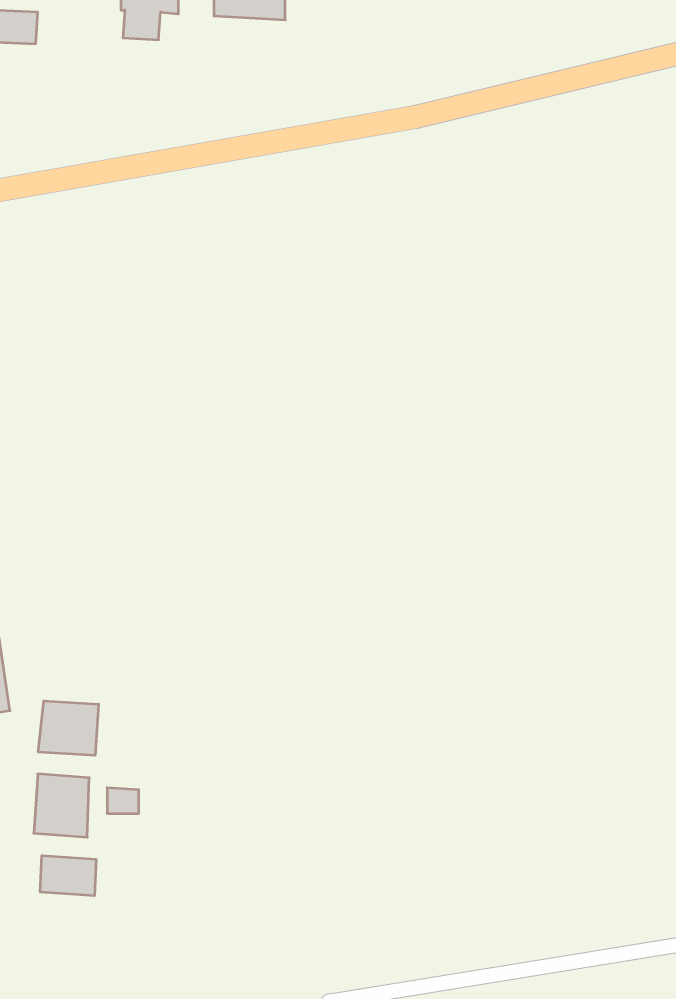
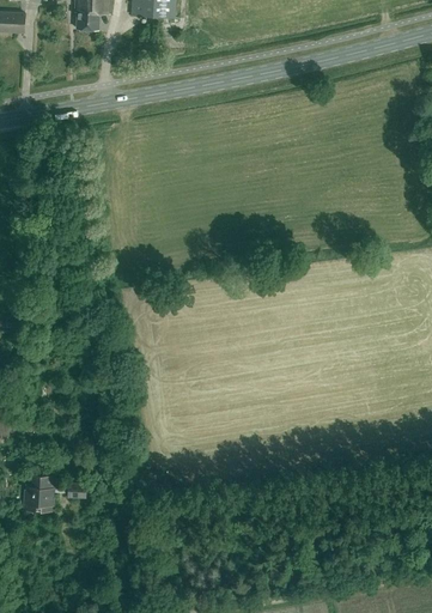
building: [38,701,99,755] -> none
building: [40,856,96,896] -> none

